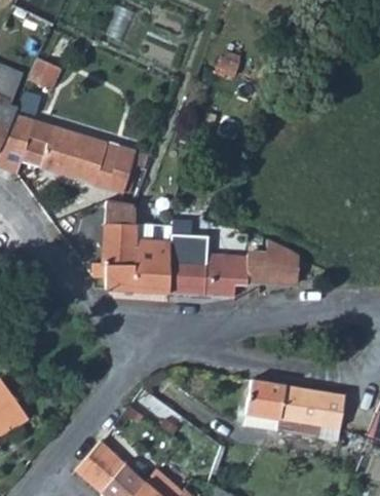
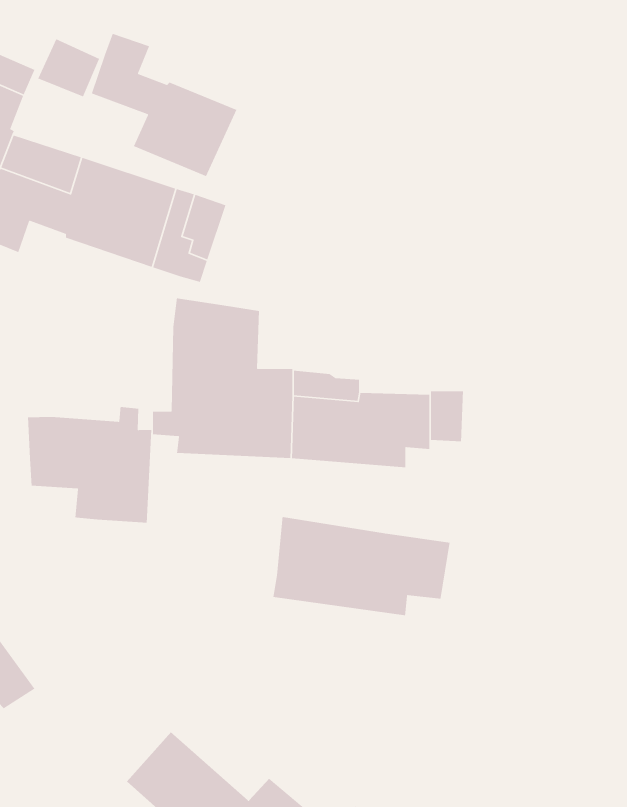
building: none -> [91,33,237,177]
building: [264,238,299,283] -> none
building: none -> [27,406,152,524]
building: [244,380,343,435] -> [272,516,450,616]

